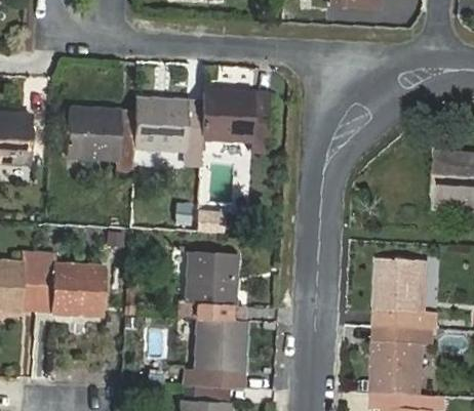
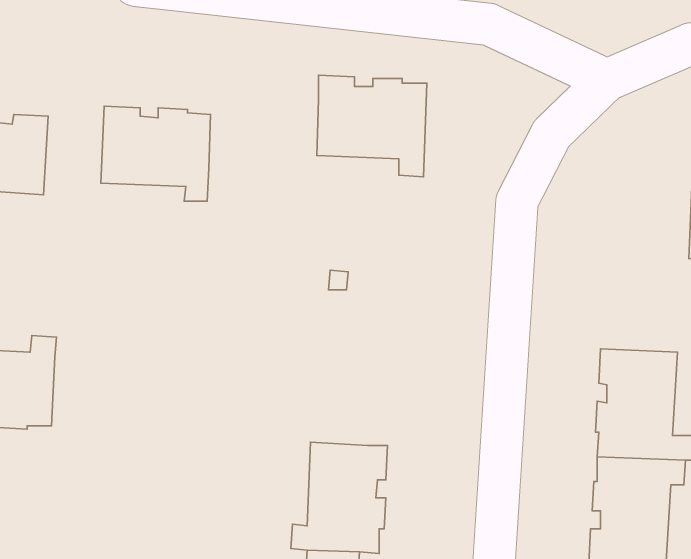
building: [133,98,202,163] -> none
building: [180,250,239,320] -> none
building: [35,252,105,314] -> none

